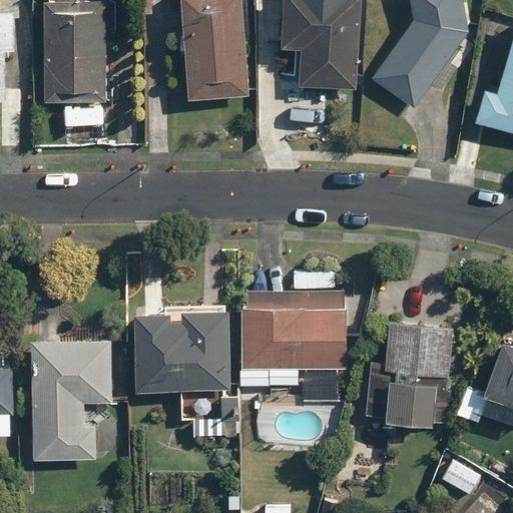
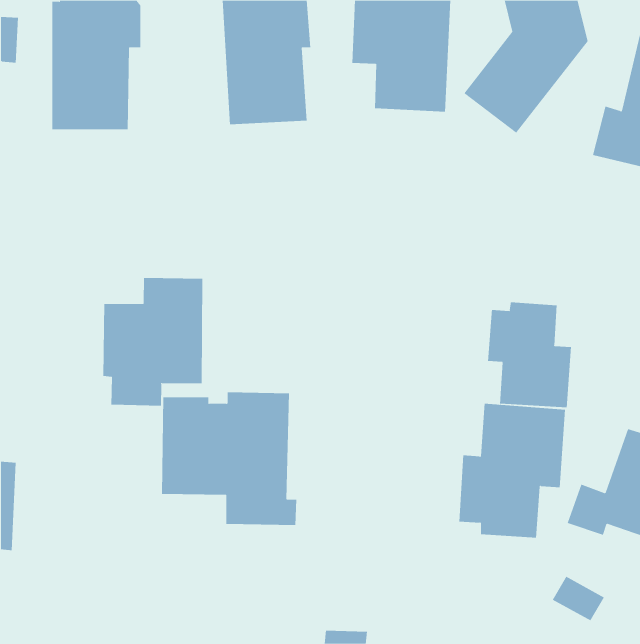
building: none -> [103,277,203,407]
building: none -> [487,302,571,408]
building: [240,290,347,403] -> none
building: [30,337,113,460] -> none

